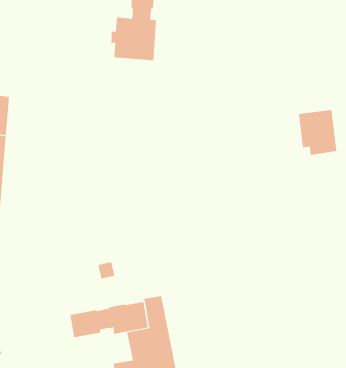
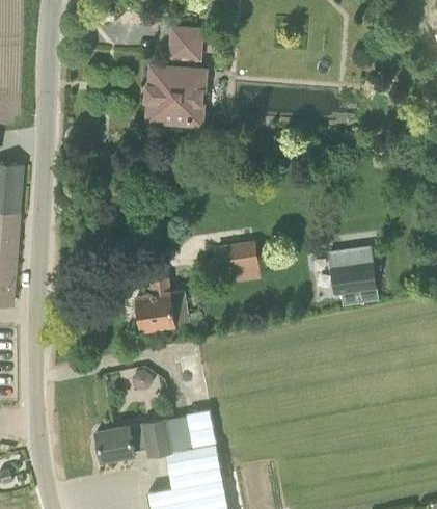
building: [298,110,337,155] -> [329,249,377,305]
building: none -> [215,243,260,274]
building: none -> [135,280,174,331]

